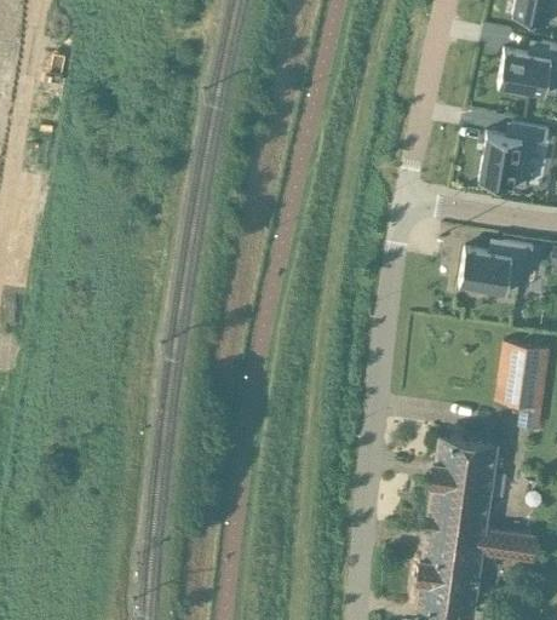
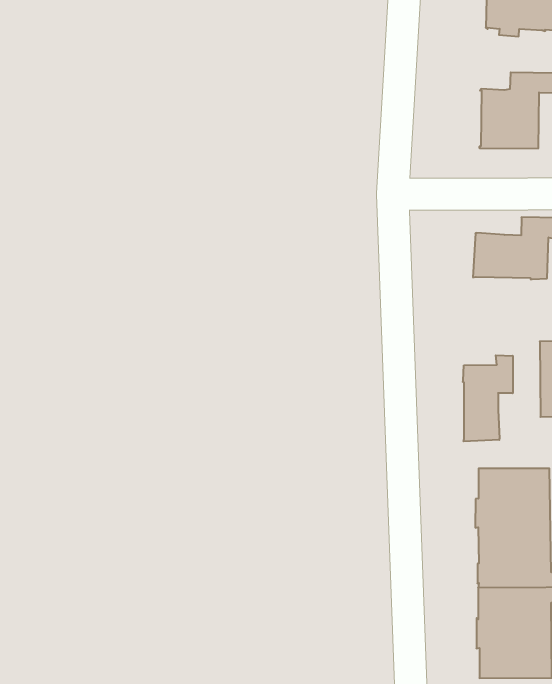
building: none -> [463,355,513,441]

